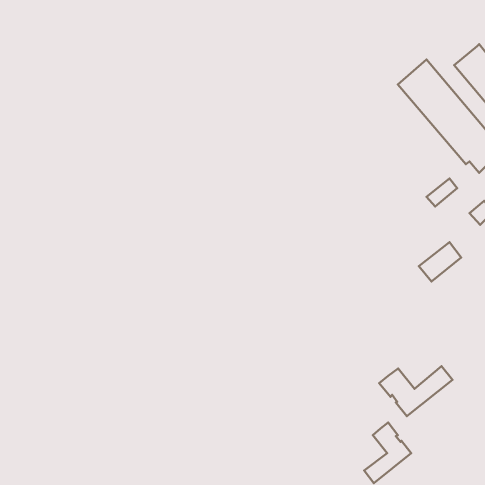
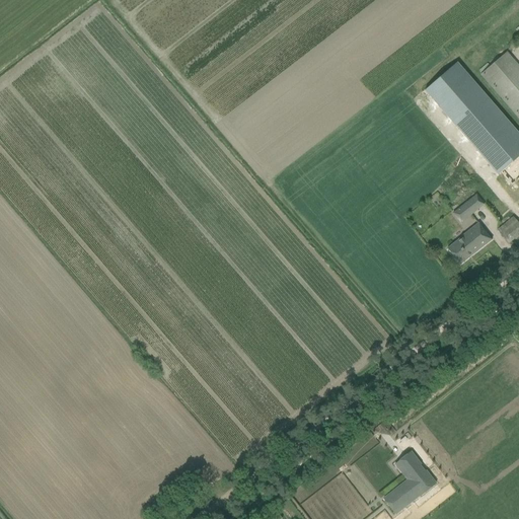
building: [419,242,461,281] -> [451,218,496,260]
building: [379,366,453,416] -> none

